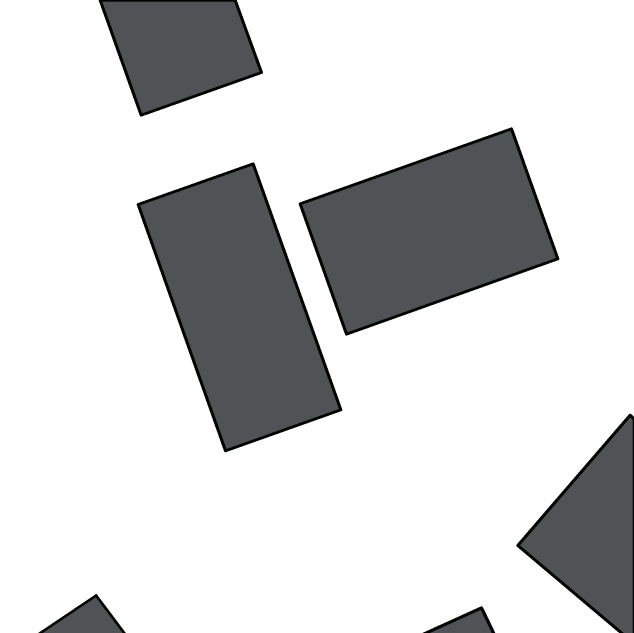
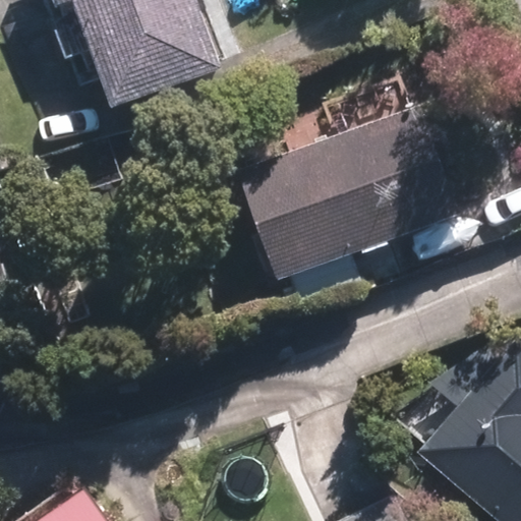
building: [138,164,341,451] -> none

